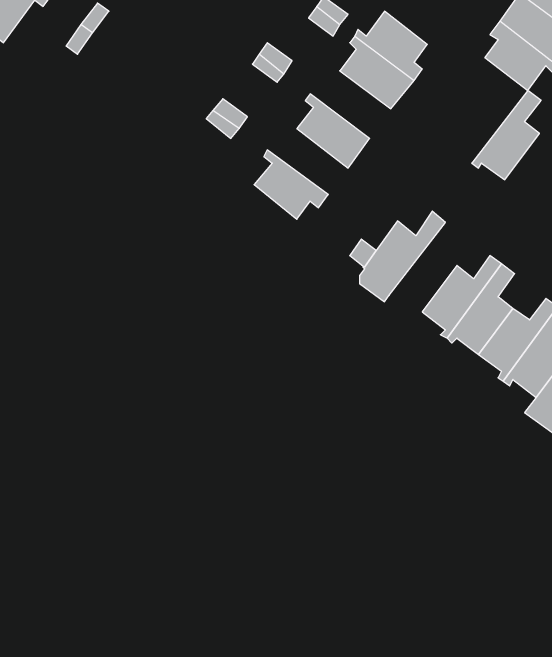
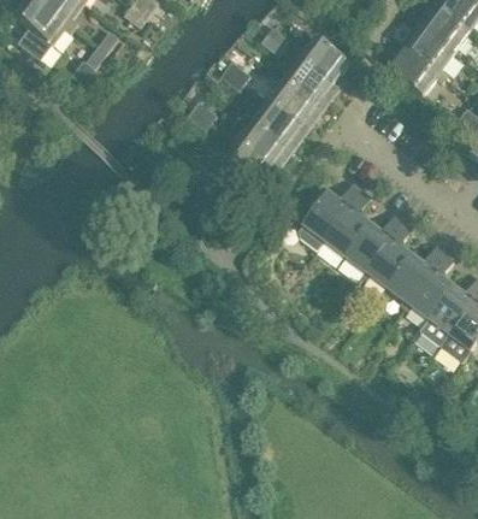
building: none -> [264,79,323,129]
building: [472,91,541,180] -> [321,190,372,255]
building: none -> [232,122,291,170]

